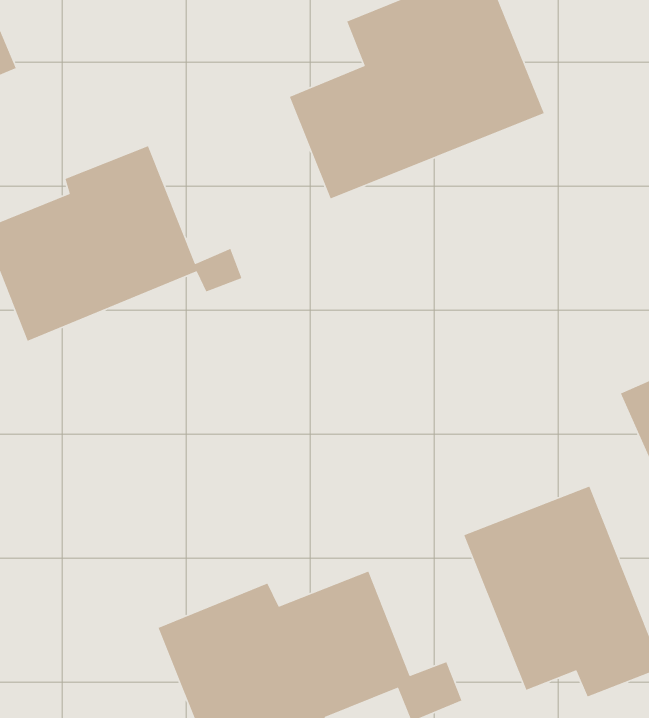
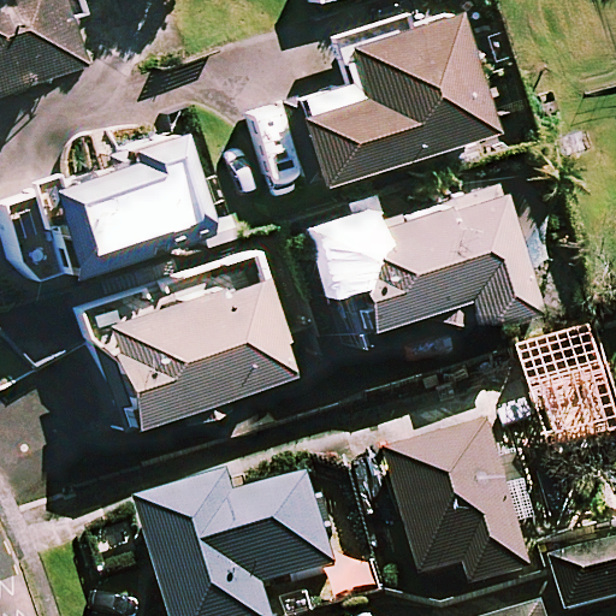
building: none -> [332,183,538,331]
building: none -> [87,257,296,421]

